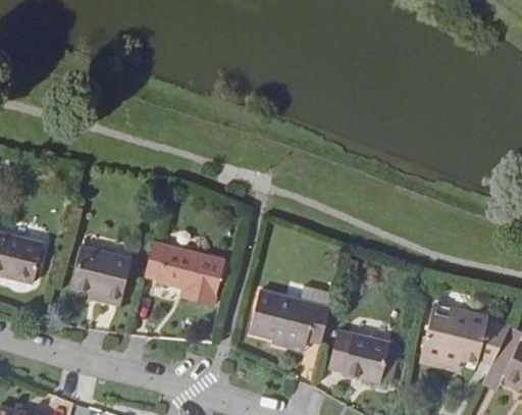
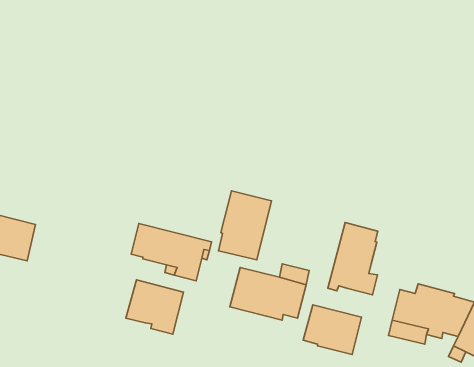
building: none -> [218,191,272,260]
building: none -> [328,222,378,295]
building: [70,247,132,305] -> [126,280,183,334]

